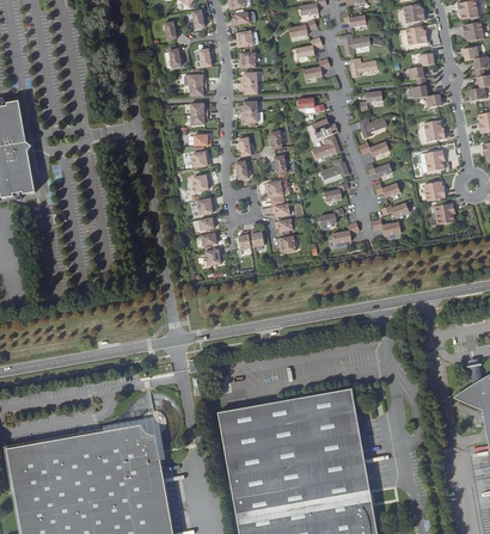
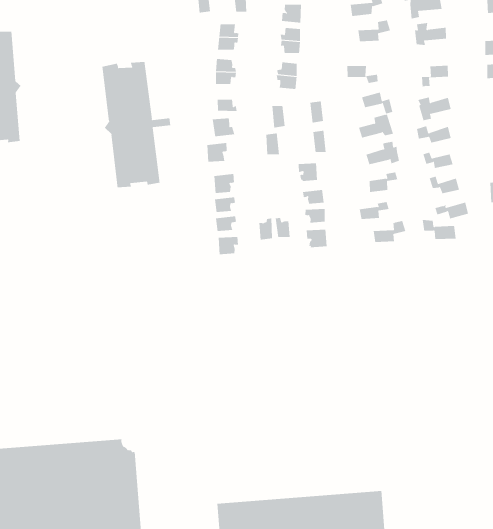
building: none -> [102,61,171,188]
building: [215,392,361,469] -> none

